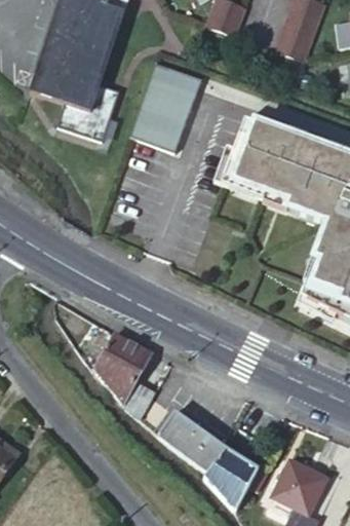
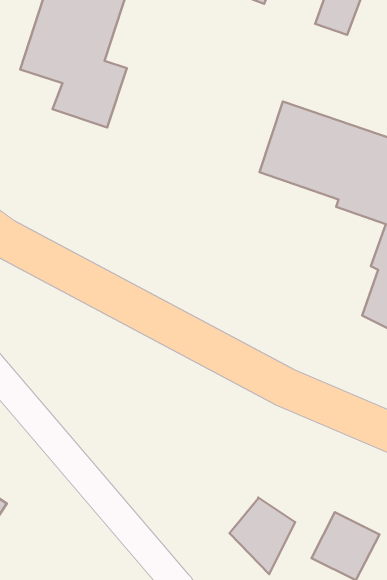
building: [131,62,204,152] -> none
building: [93,332,155,419] -> none
building: [157,410,227,471] -> none

